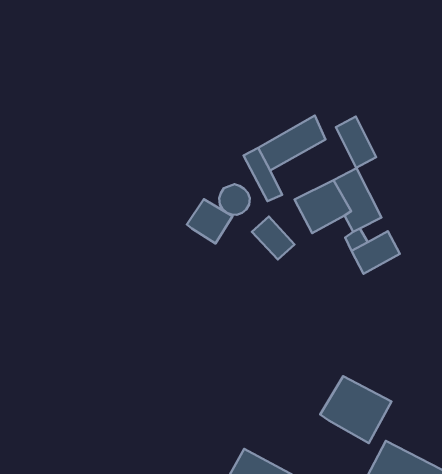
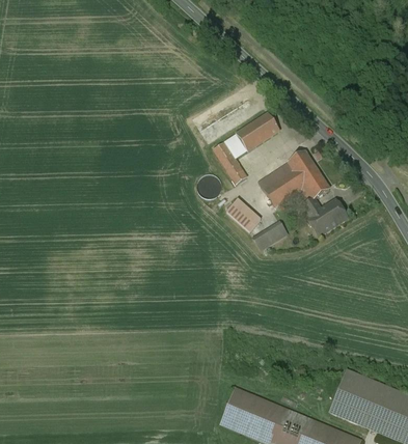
building: [336,116,376,168] -> none
building: [187,199,232,244] -> none
building: none -> [251,220,288,251]
building: [320,376,391,443] -> none

